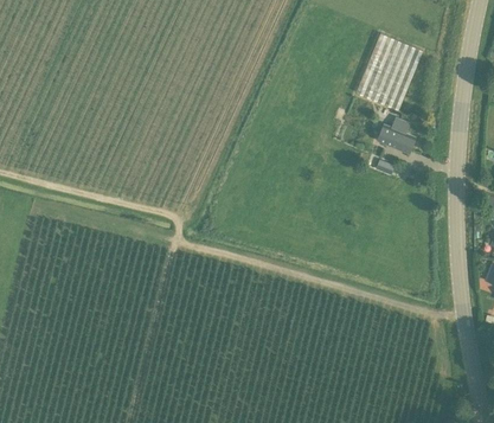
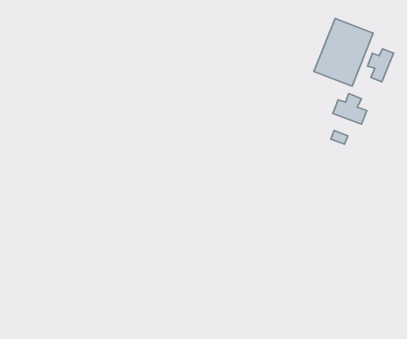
building: none -> [368,49,393,82]

